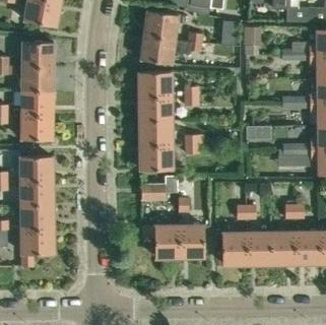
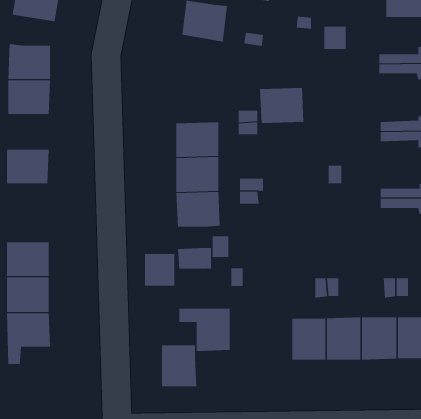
building: [140,35,174,64] -> none
building: [139,71,171,96] -> [259,87,304,124]
building: [21,90,52,115] -> none
building: [21,155,52,180] -> none
building: none -> [145,253,175,287]
building: [179,226,204,256] -> [161,345,197,387]

